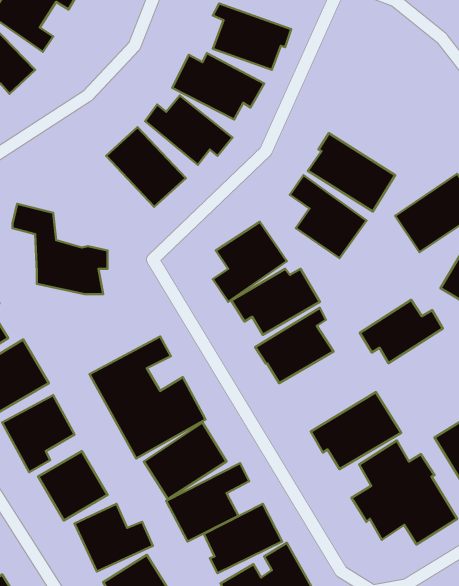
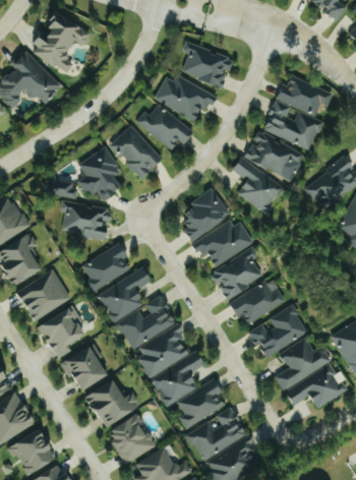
building: none -> [263,77,333,149]
building: none -> [78,148,122,201]
building: none -> [82,242,130,293]
building: [360,300,443,363] -> [229,282,285,324]

